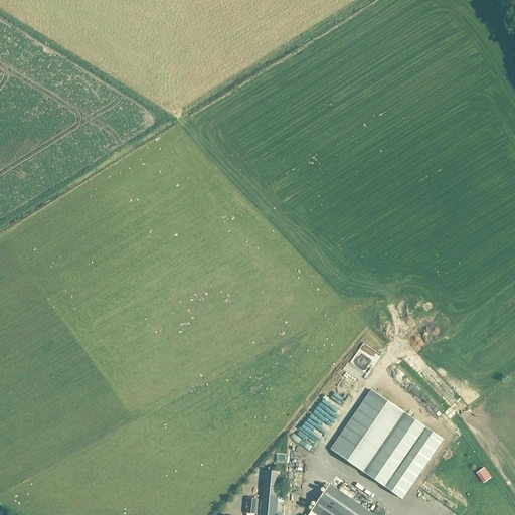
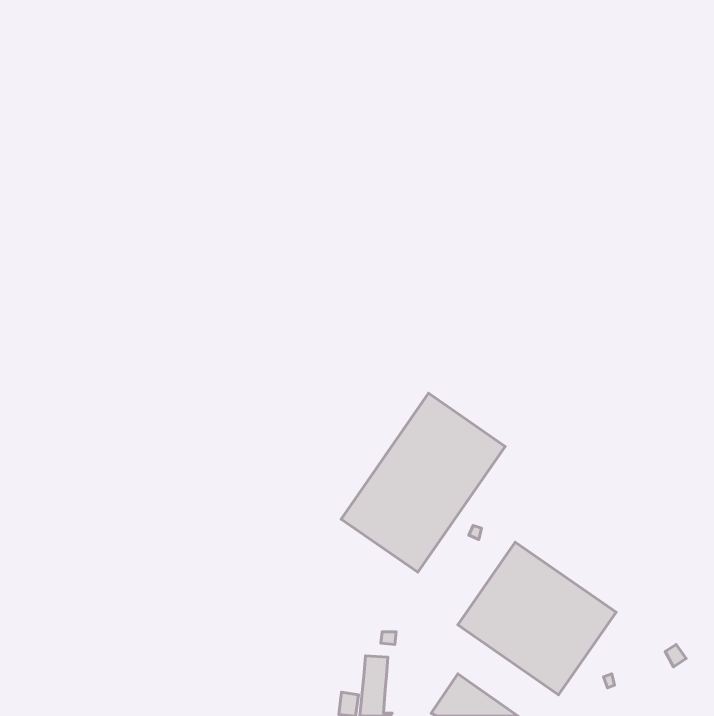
building: none -> [341,393,505,572]

